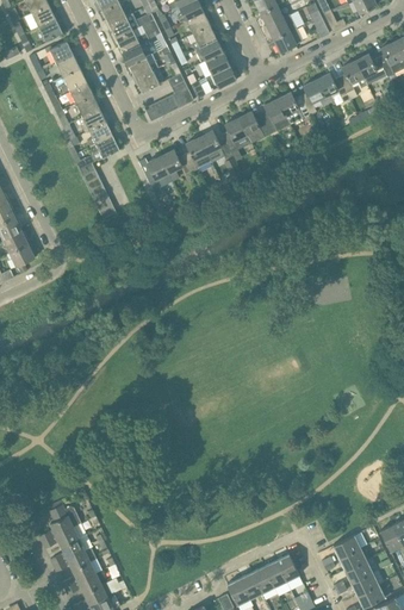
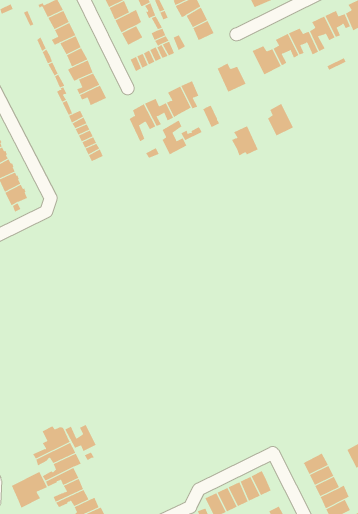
building: [261,98,290,133] -> [267,103,294,136]
building: [220,117,250,150] -> [231,125,258,156]
building: none -> [162,119,187,155]
building: none -> [65,424,96,452]
building: none -> [11,471,48,508]

